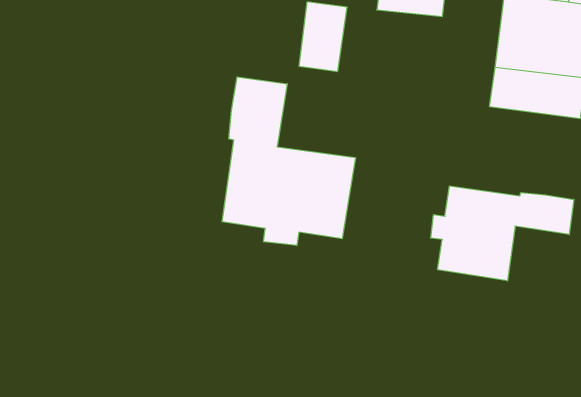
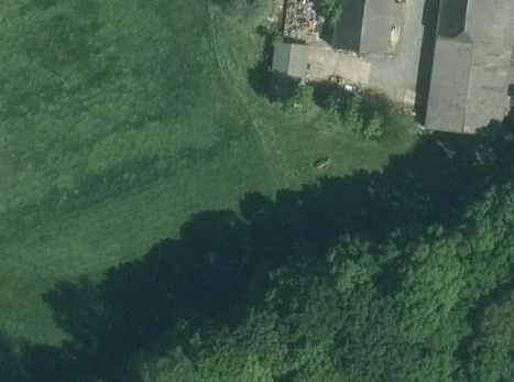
building: [222,77,356,246] -> none
building: [431,186,574,281] -> none

